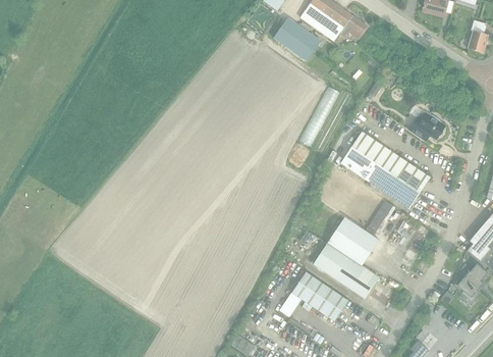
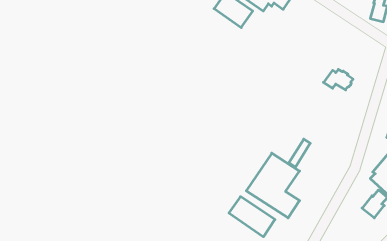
building: [340,132,433,209] -> none

